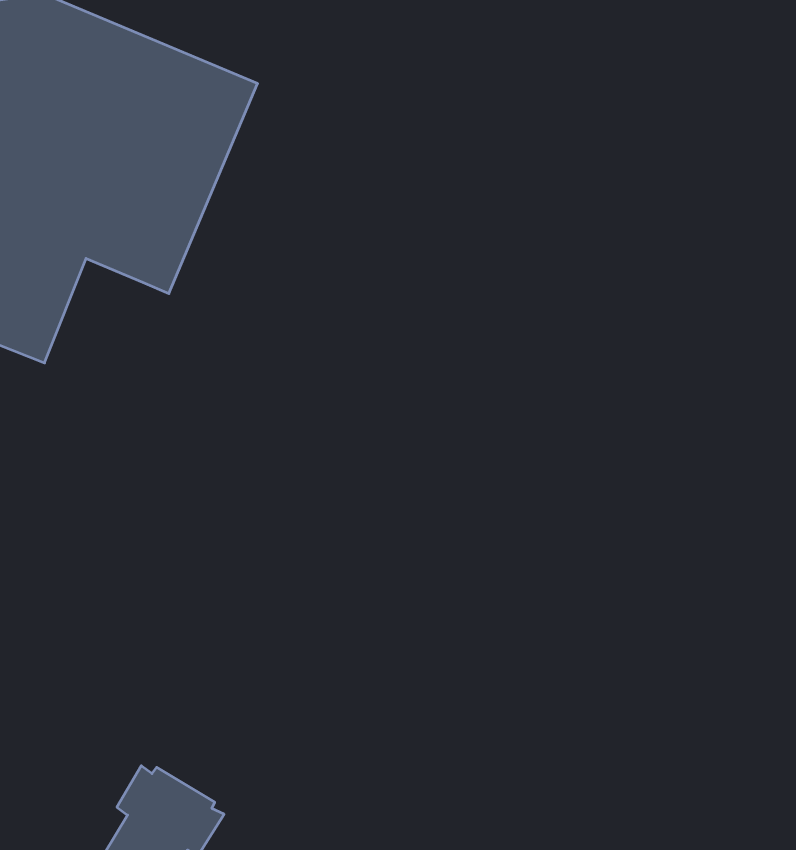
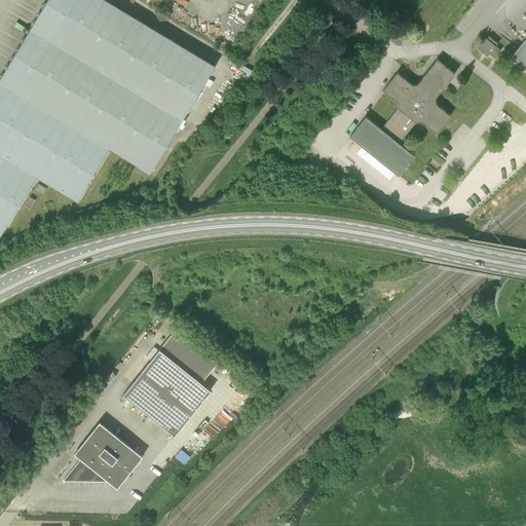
building: none -> [349,61,454,177]
building: none -> [123,330,219,437]

